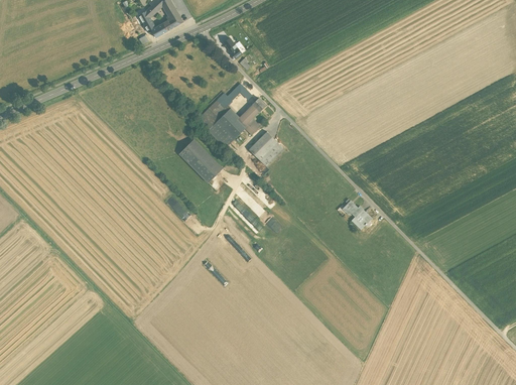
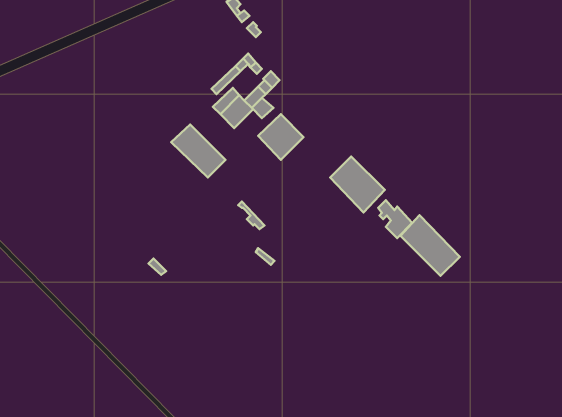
building: none -> [330,156,385,212]
building: none -> [400,215,460,276]

